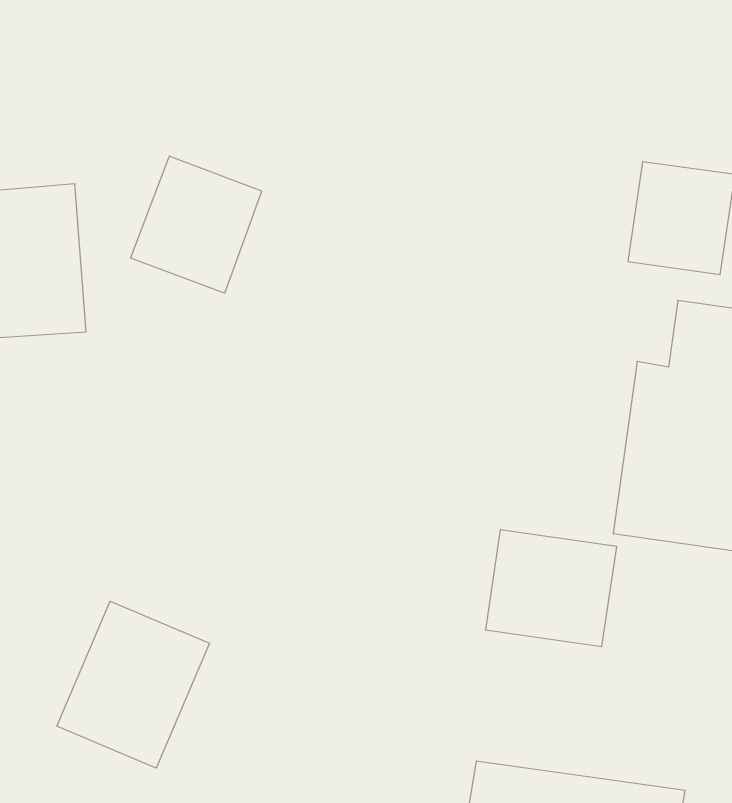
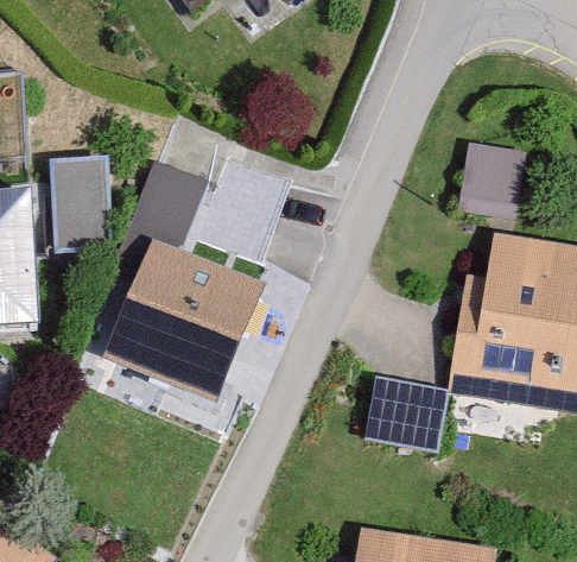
building: none -> [104,241,266,405]
building: [57,601,210,768] -> none

